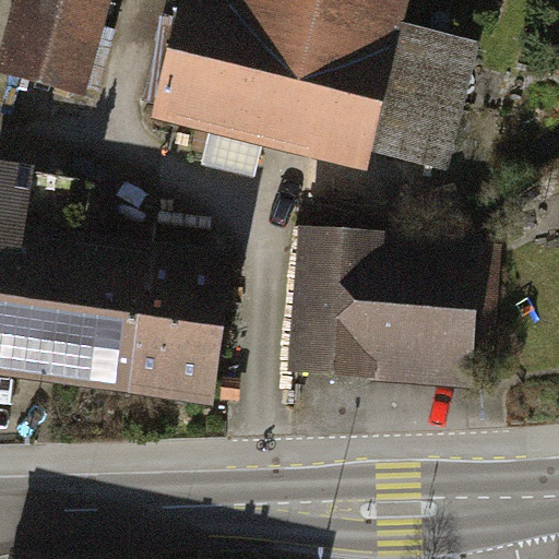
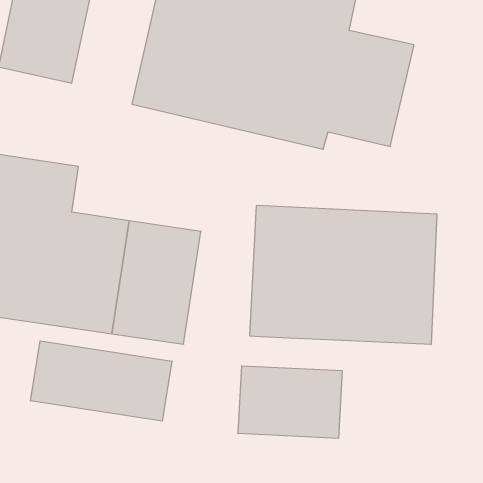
building: none -> [31,341,172,421]
building: none -> [238,366,342,438]

